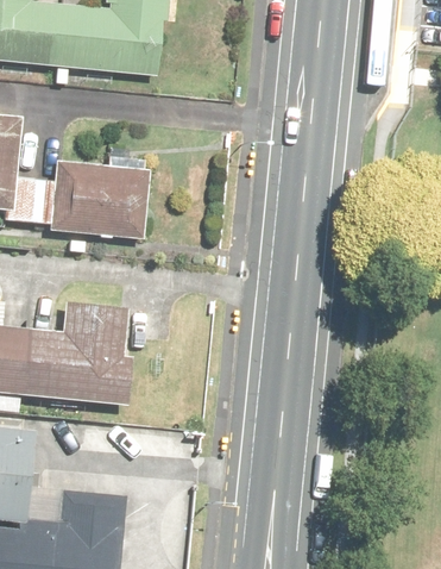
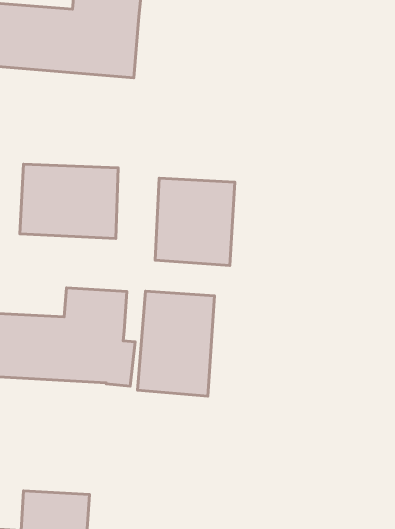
building: none -> [155,178,235,265]
building: none -> [138,291,214,396]

